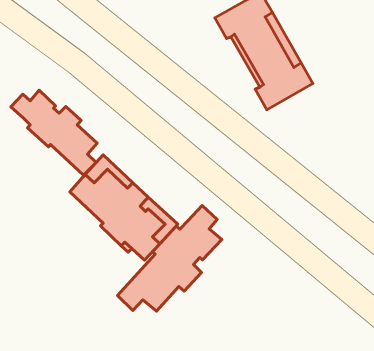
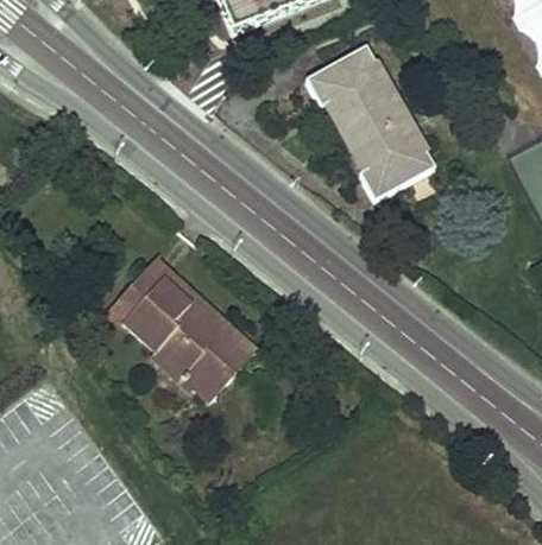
building: [11,90,97,175] -> none
building: [118,205,222,311] -> none

